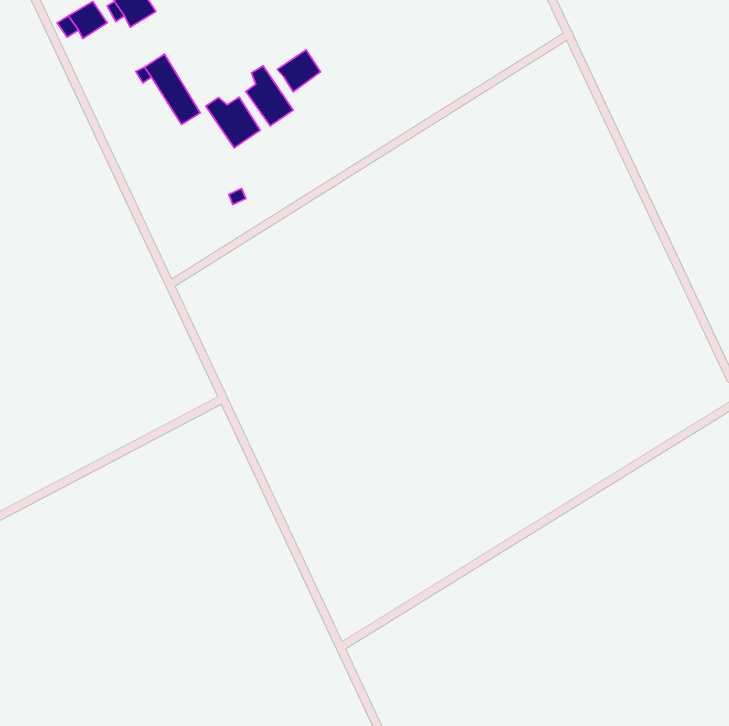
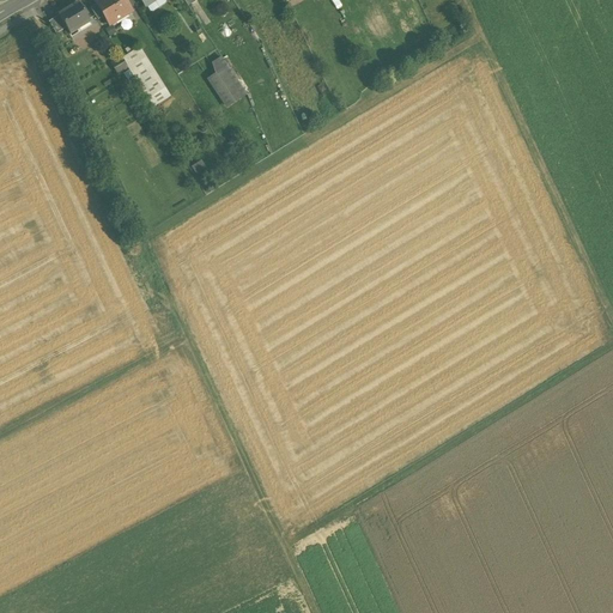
building: [277,50,320,92] -> none
building: [206,97,260,148] -> none

